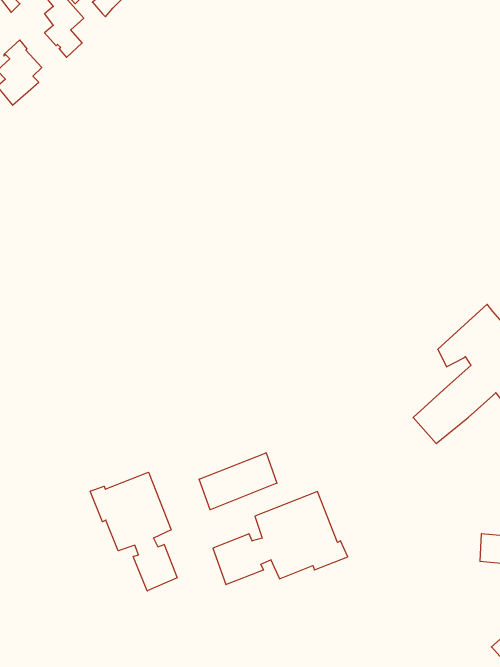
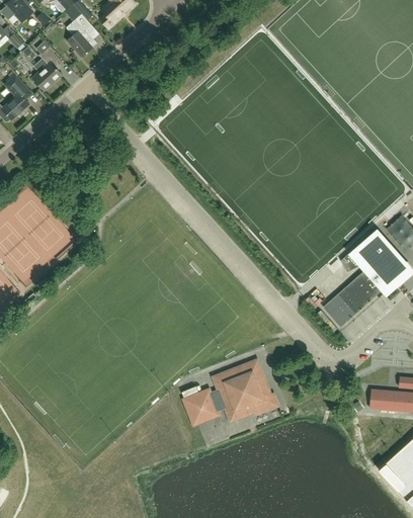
building: [199,453,277,510] -> none
building: [90,472,177,591] -> none

